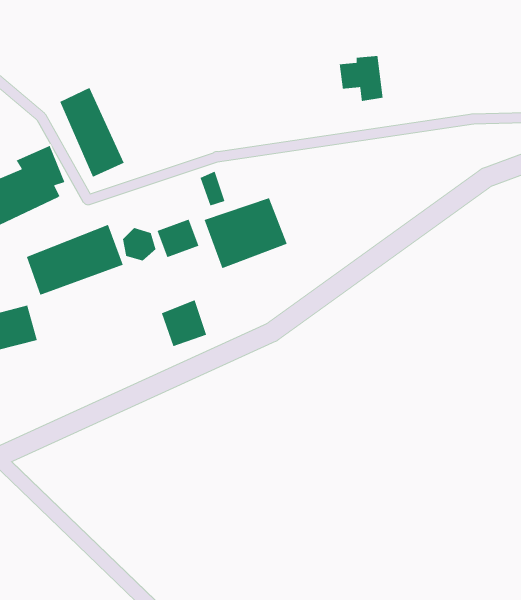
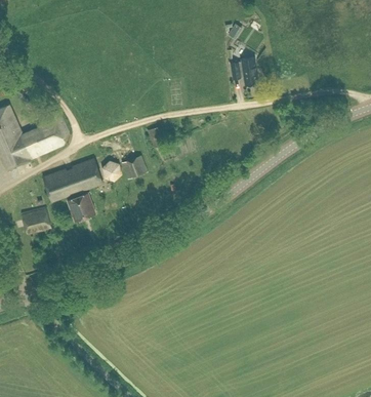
building: [59,87,125,178] -> none
building: [203,197,288,269] -> none
building: [161,299,207,347] -> [67,192,94,221]

